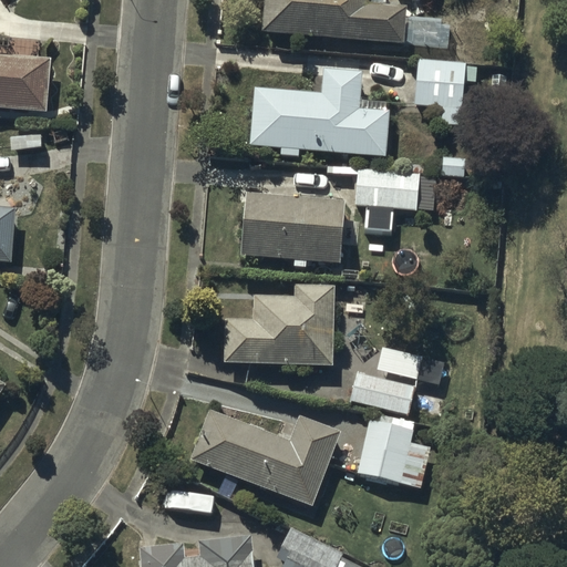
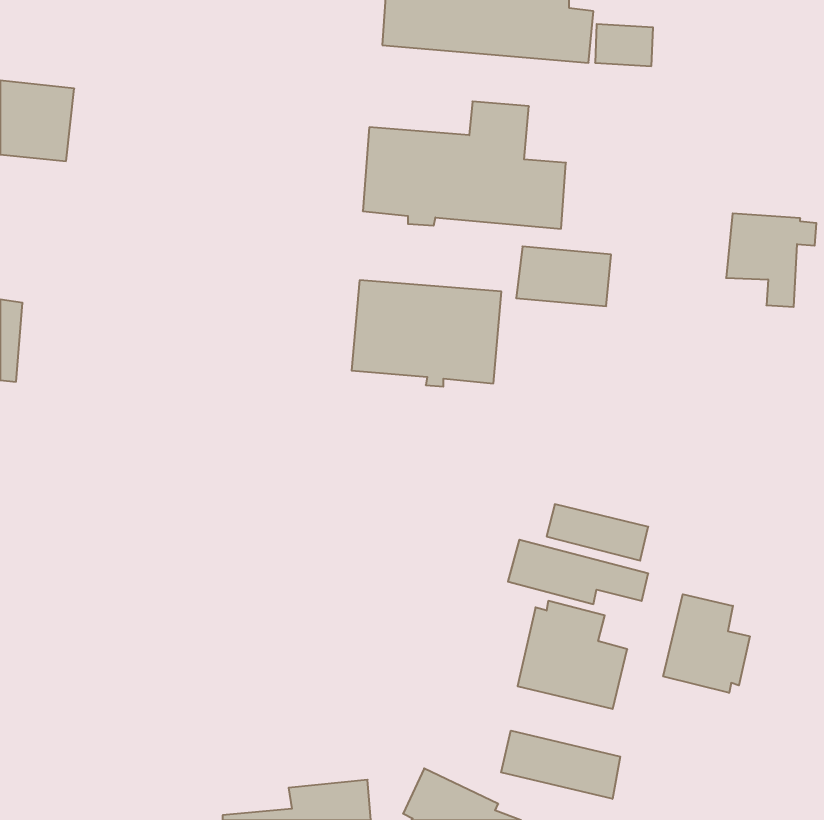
building: [414,60,476,124] -> [726,213,816,307]
building: [225,285,332,364] -> none
building: none -> [663,594,750,693]
building: [189,410,338,504] -> none
building: none -> [501,731,620,799]

